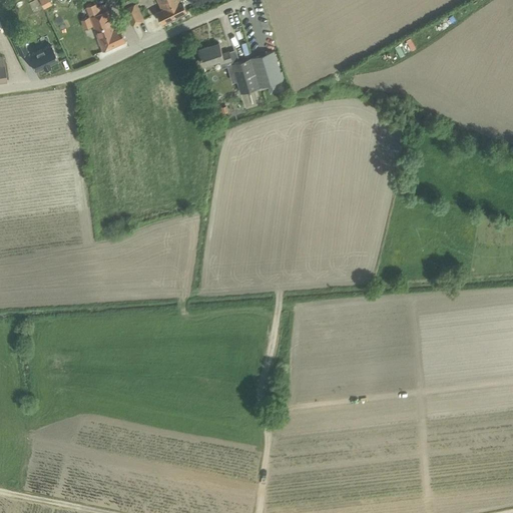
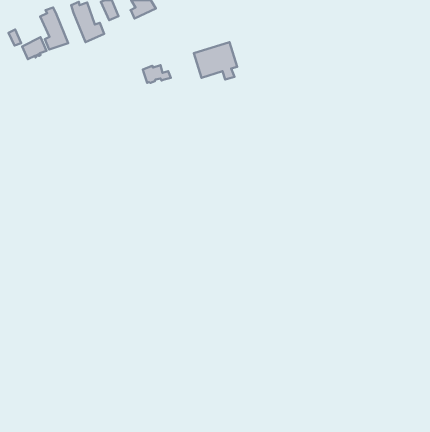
building: none -> [40,8,68,50]
building: [196,44,229,65] -> [143,65,171,83]

